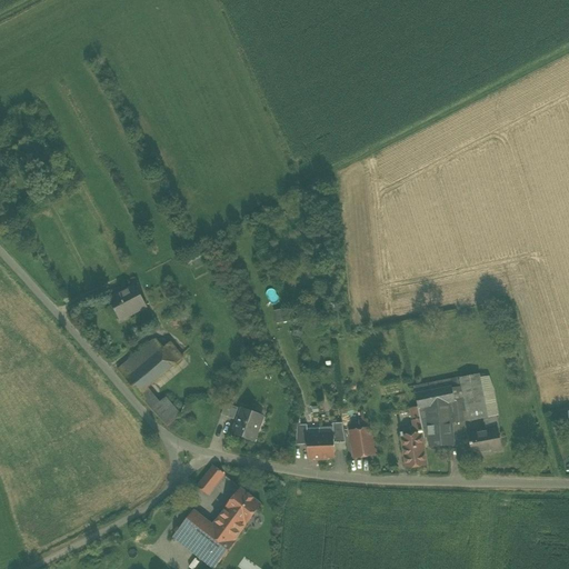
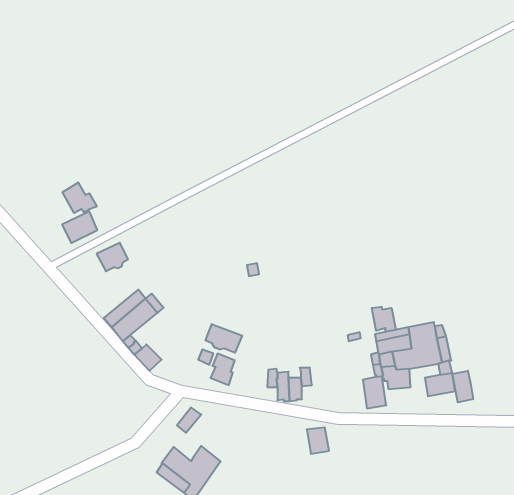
building: none -> [62,182,97,243]
building: none -> [372,307,396,332]
building: none -> [206,324,242,353]
building: none -> [452,371,473,402]
building: [349,428,373,457] -> [307,427,329,454]
building: [223,487,260,525] -> none

